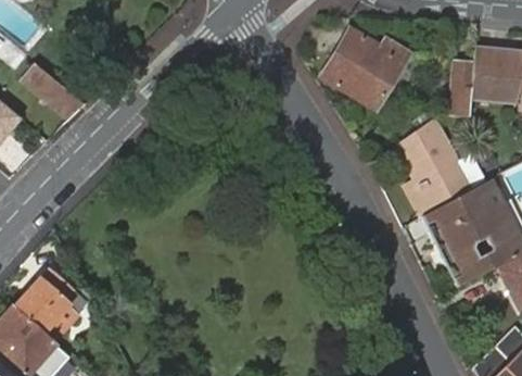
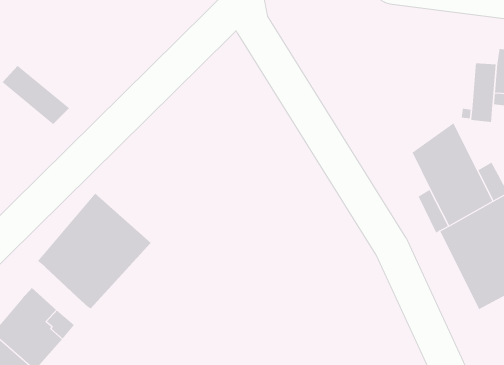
building: [322,28,410,108] -> none
building: none -> [37,193,151,309]

